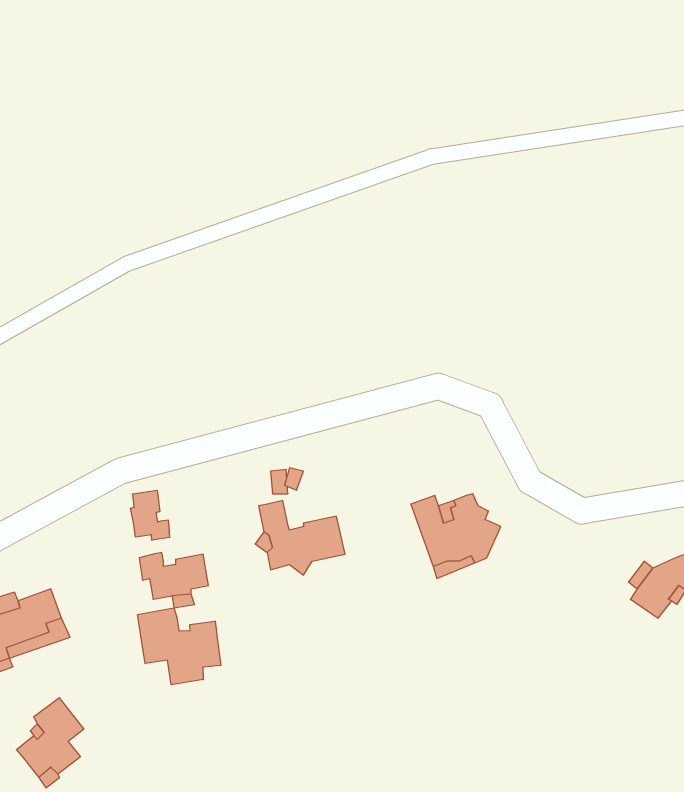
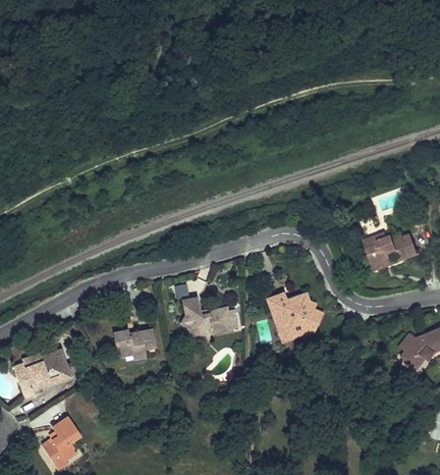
building: none -> [364,231,418,270]
building: [130,490,169,540] -> none
building: [138,608,221,685] -> none

